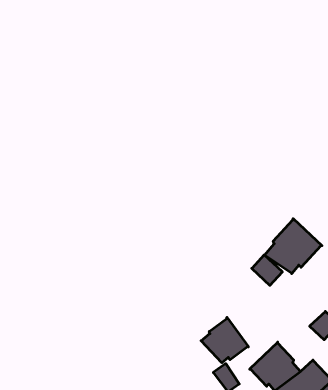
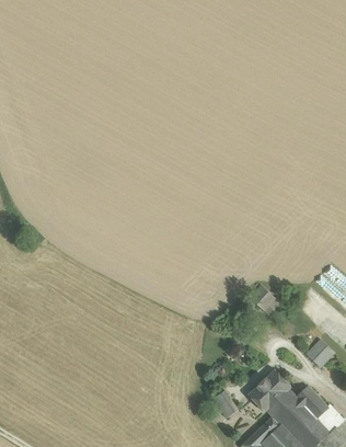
building: [264,219,322,274] -> none
building: [201,317,248,363] -> none

